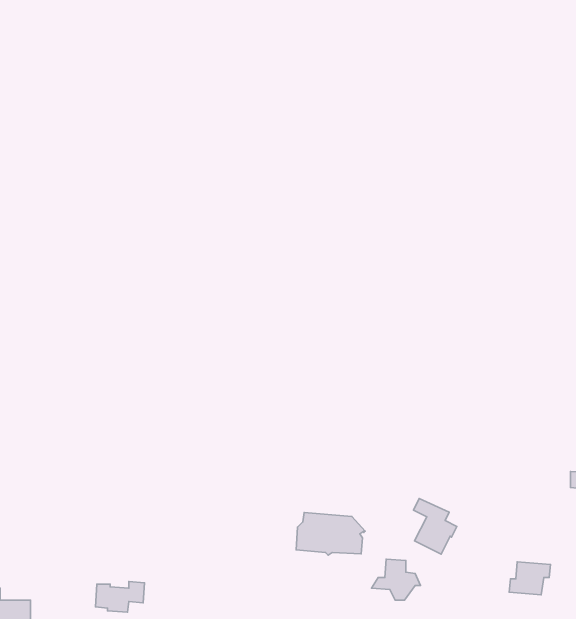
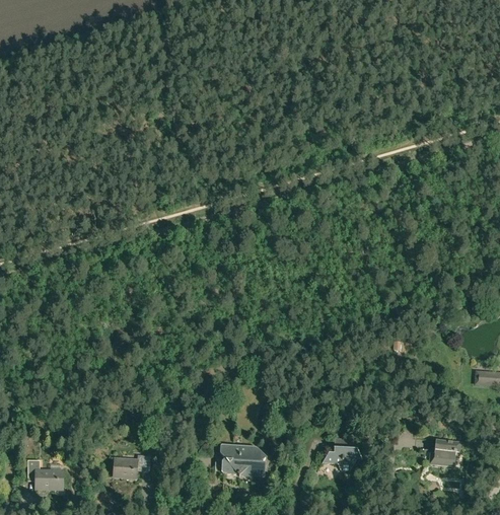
building: [414,499,457,554] -> none
building: [296,513,365,555] -> [215,444,268,476]

